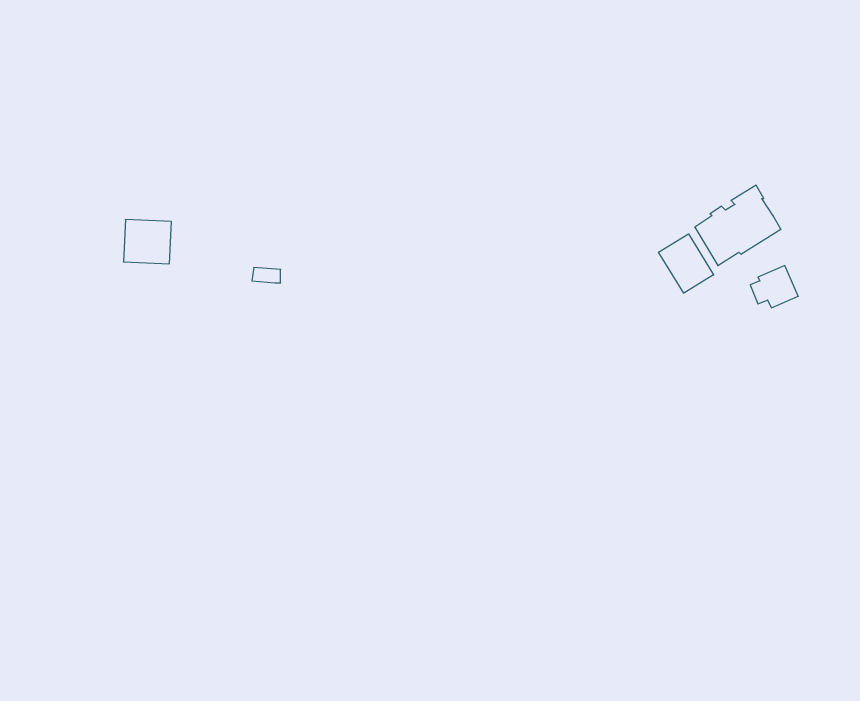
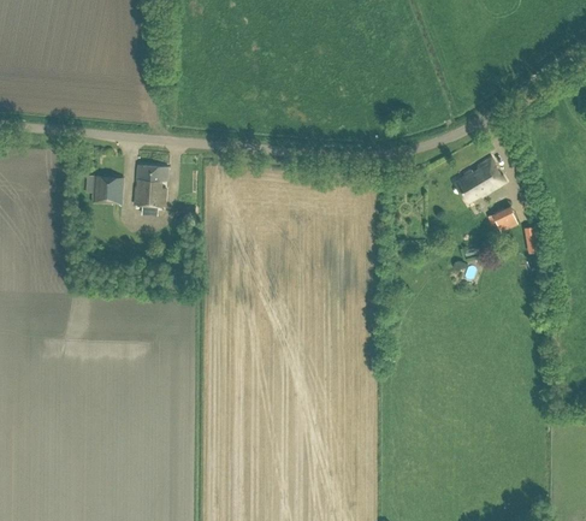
building: none -> [135,164,167,205]
building: [659,234,714,293] -> none

